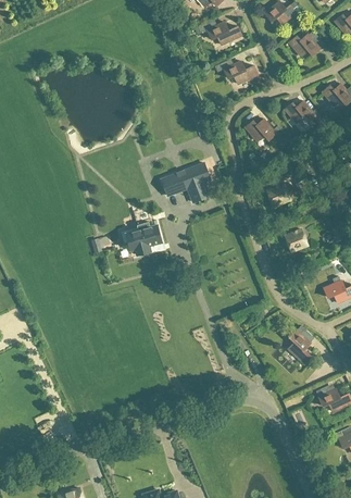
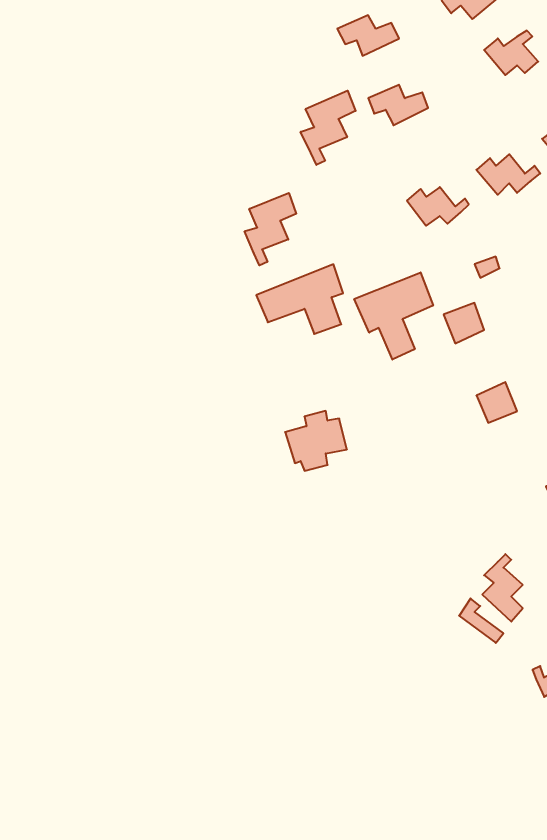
building: none -> [301,91,356,165]
building: none -> [245,193,296,265]
building: none -> [354,272,433,360]
building: [126,221,161,254] -> [285,411,347,471]

